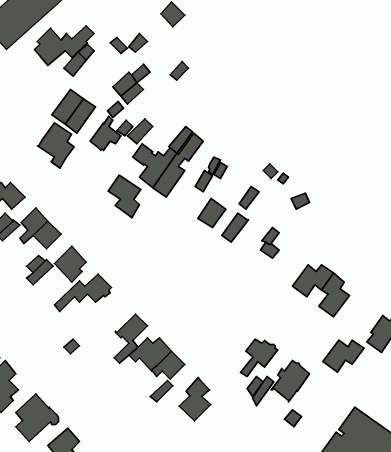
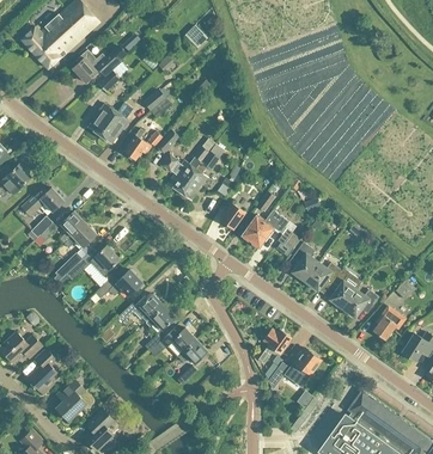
building: [38,123,74,168] -> none
building: [108,175,141,218] -> none
building: none -> [250,210,289,249]
building: none -> [292,243,319,282]
building: none -> [117,294,164,325]
building: [323,340,364,372] -> [342,290,379,319]
building: [179,378,211,421] -> none

